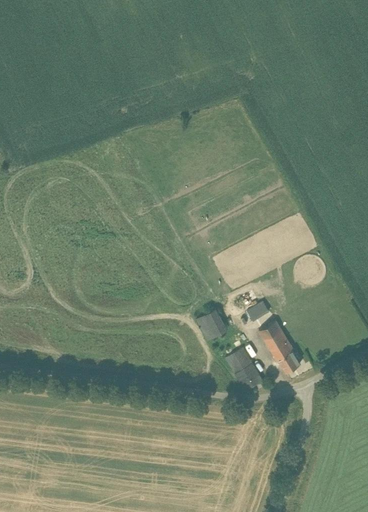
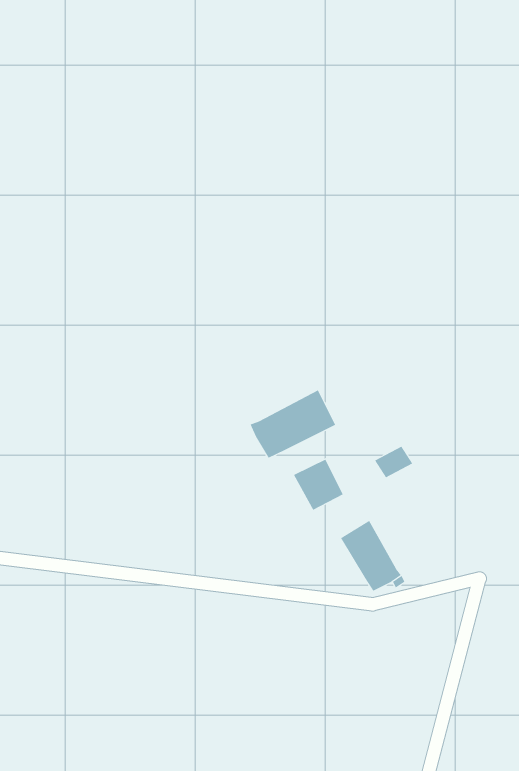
building: none -> [250,389,336,458]
building: [259,321,299,373] -> none

